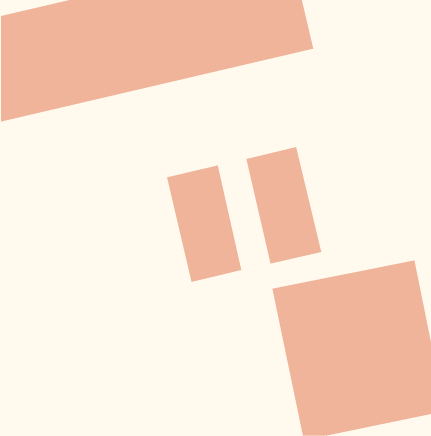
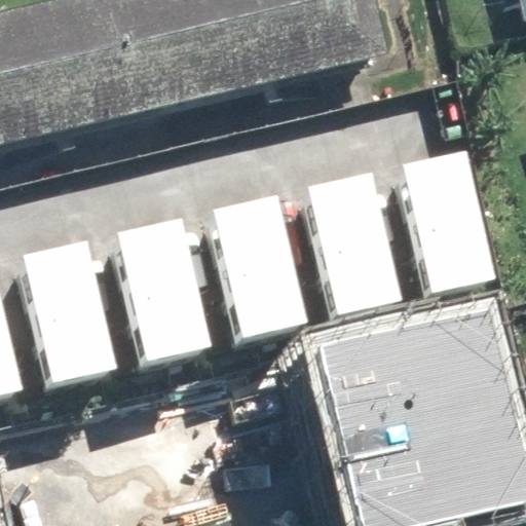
building: none -> [403,157,492,296]
building: none -> [118,217,208,355]
building: none -> [23,237,113,375]

